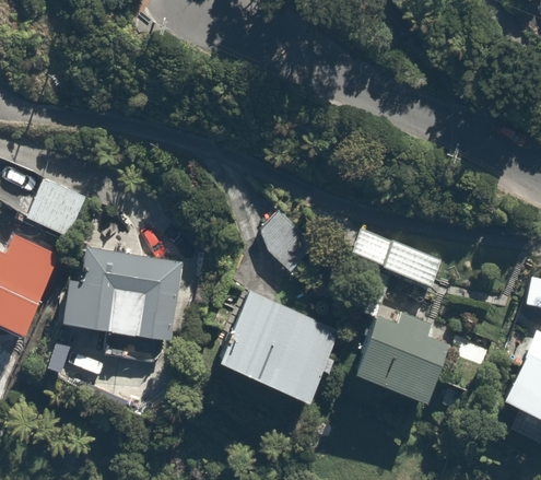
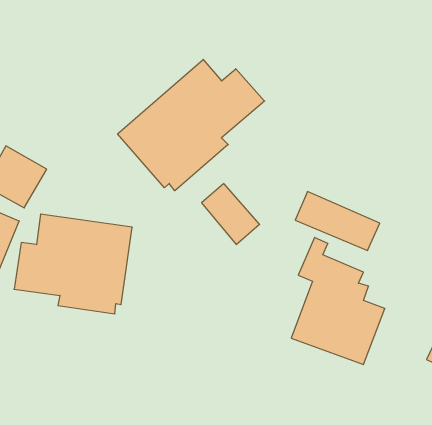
building: none -> [118,59,265,191]
building: [213,276,346,403] -> none

